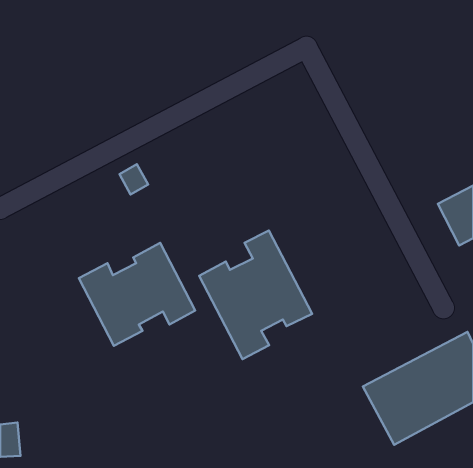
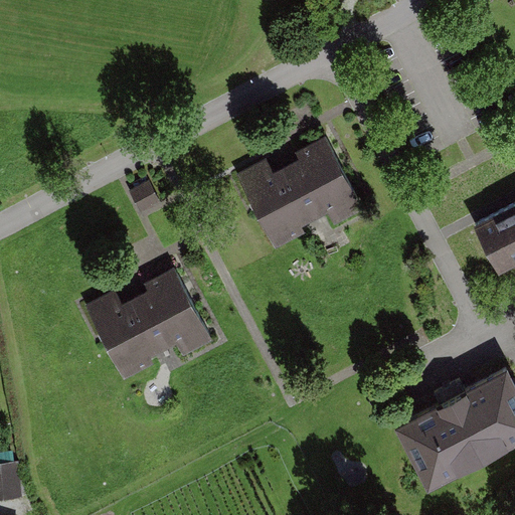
building: none -> [238,139,364,249]
building: [199,230,312,359] -> none

